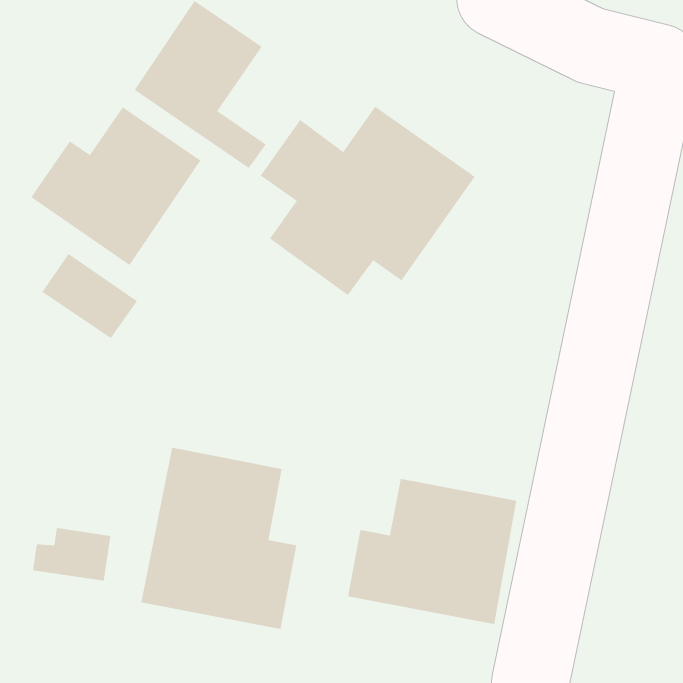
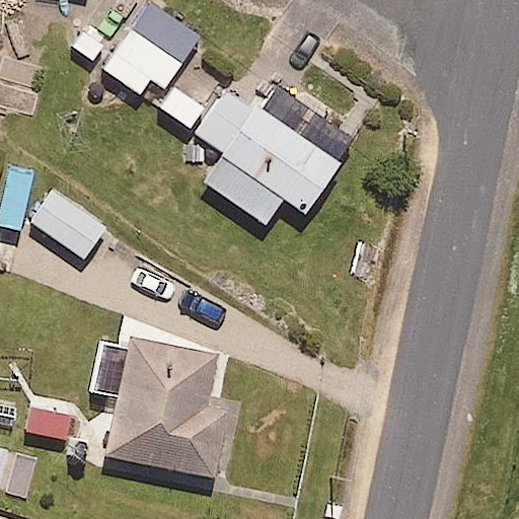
building: [31,106,201,266] -> none
building: [347,478,517,625] -> none

